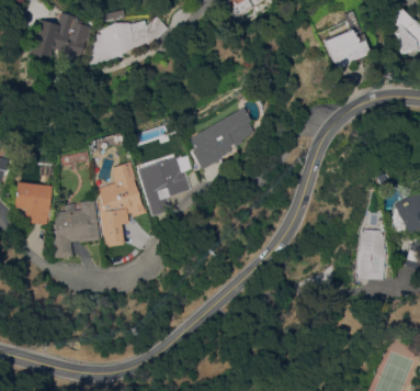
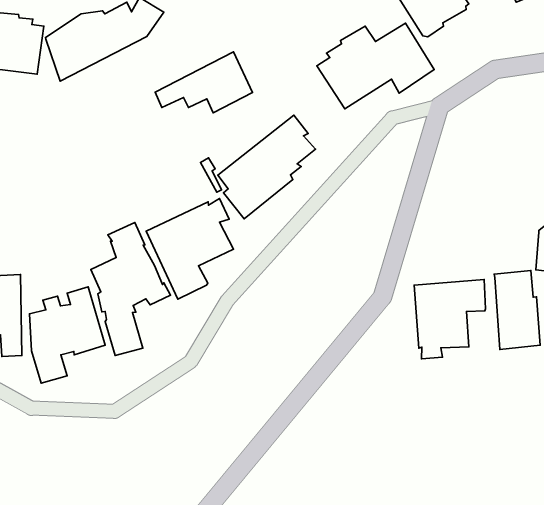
building: none -> [317,23,434,109]
building: none -> [155,52,252,113]
building: none -> [414,280,486,359]

